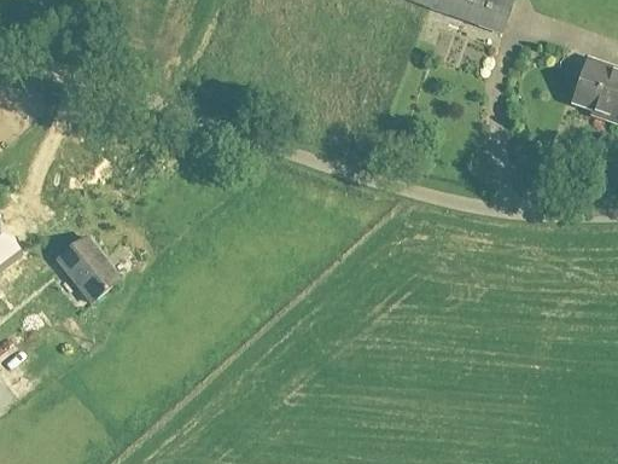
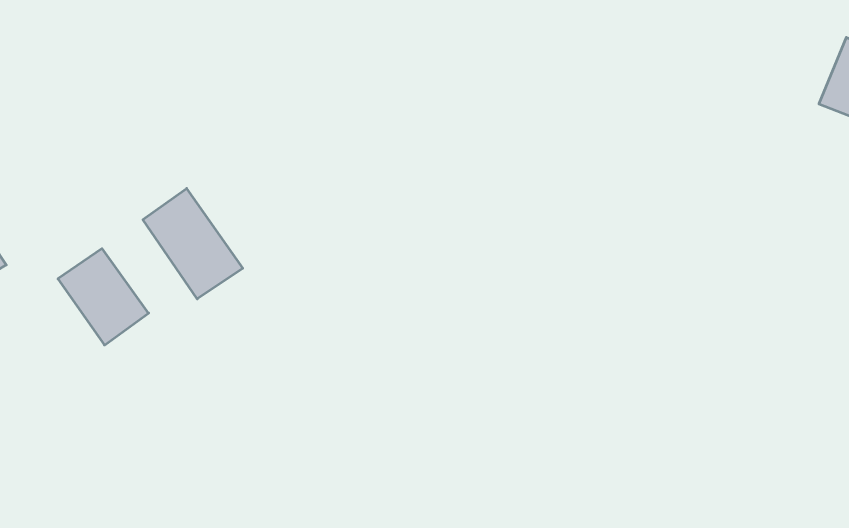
building: none -> [143,188,243,299]

